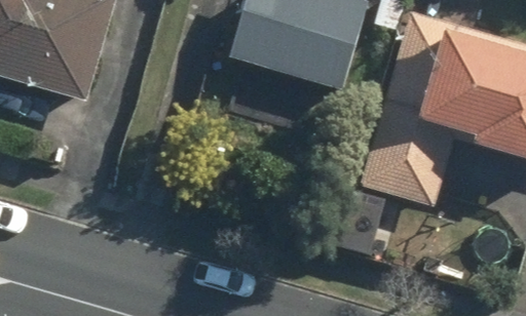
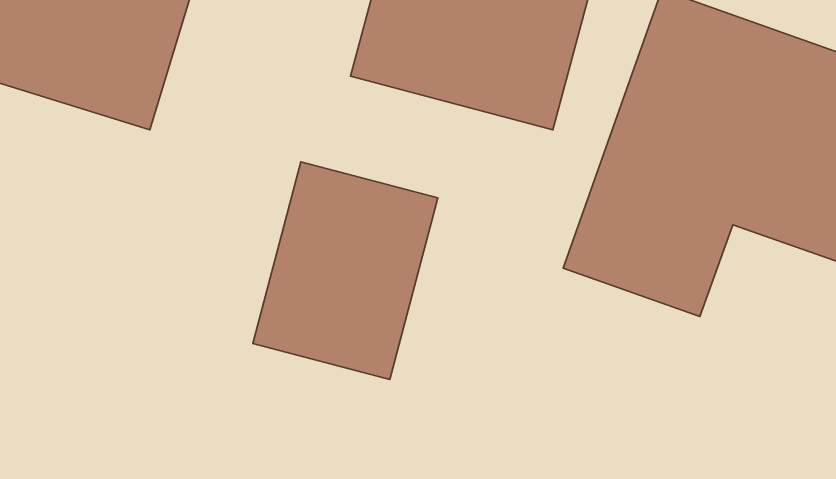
building: none -> [253,162,438,379]

